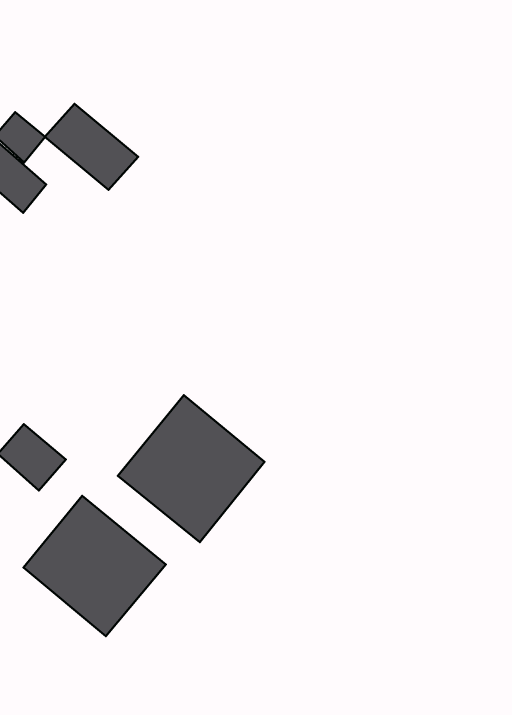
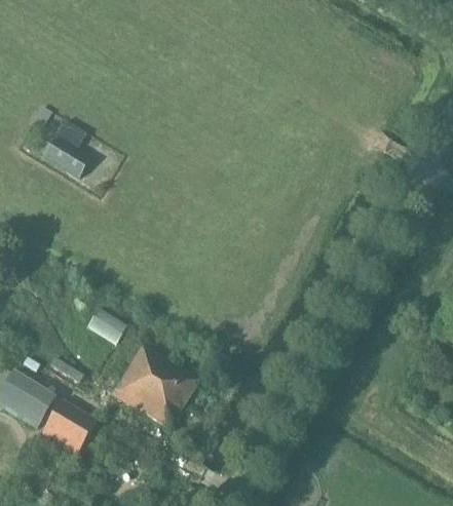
building: [45,104,138,190] -> none
building: [118,395,264,542] -> none

